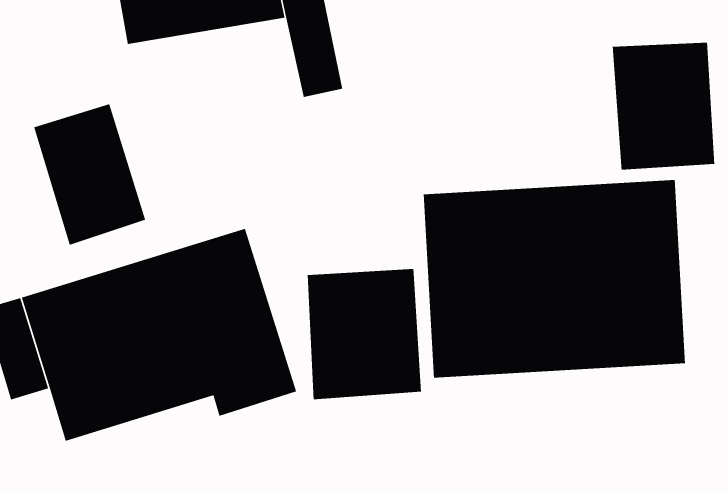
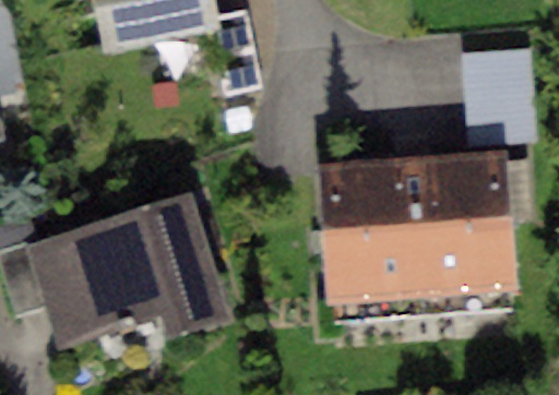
building: [33,103,146,246] -> none
building: [307,268,422,400] -> none

